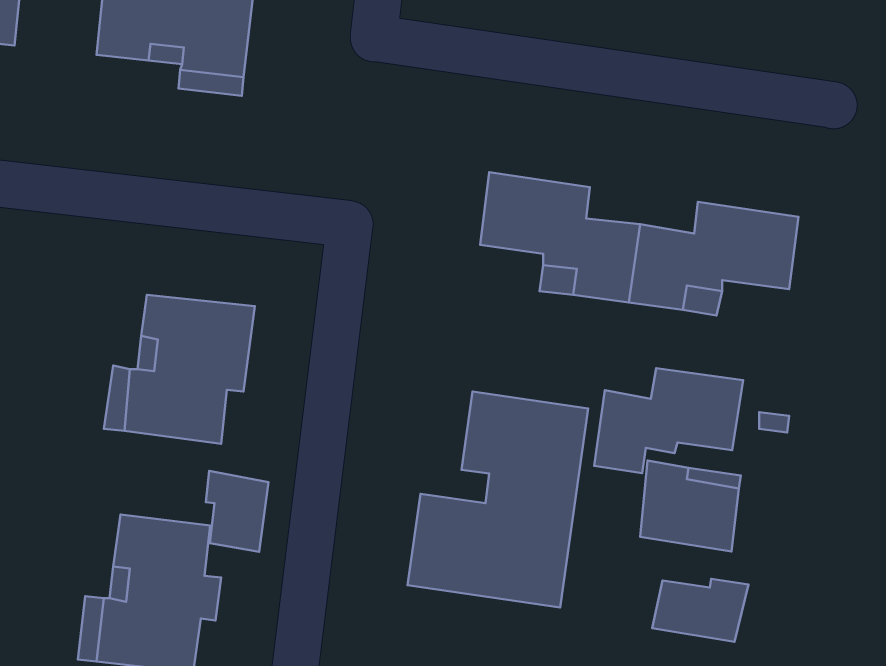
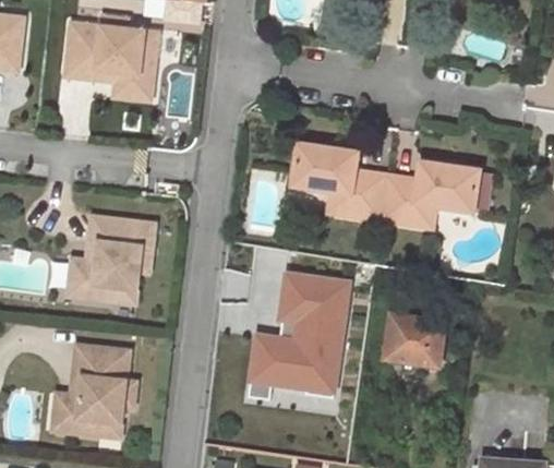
building: [594,368,743,473] -> none
building: [206,471,268,552] -> none
building: [652,579,748,642] -> none

